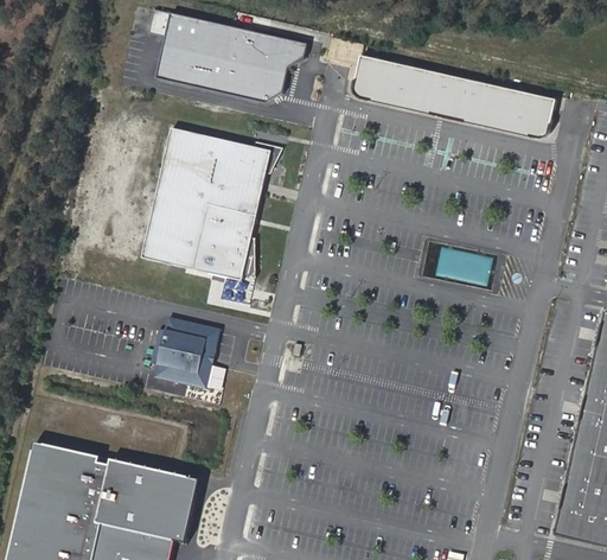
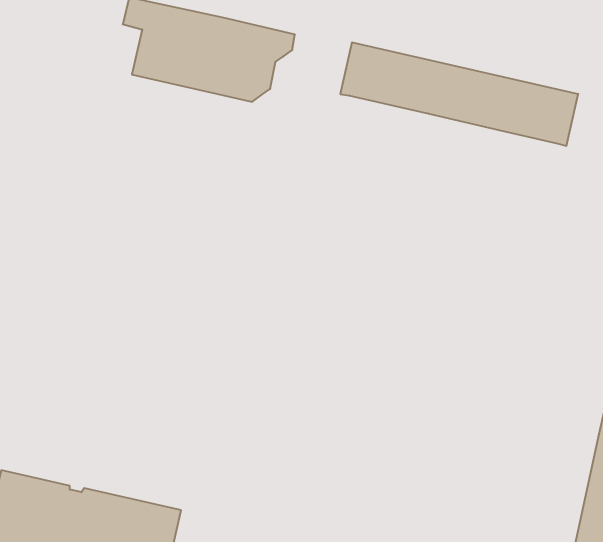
building: [143,131,269,280] -> none
building: [148,316,222,389] -> none

